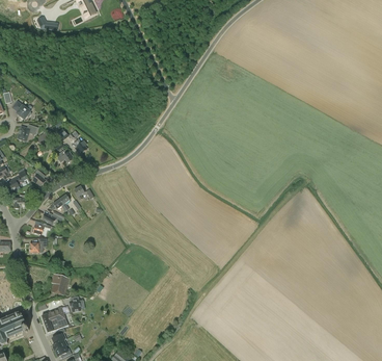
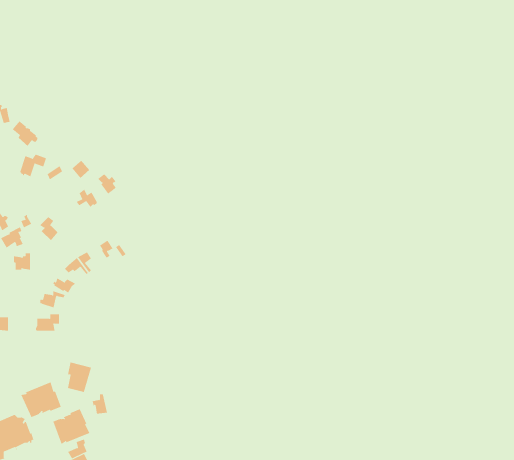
building: none -> [21,382,61,418]

